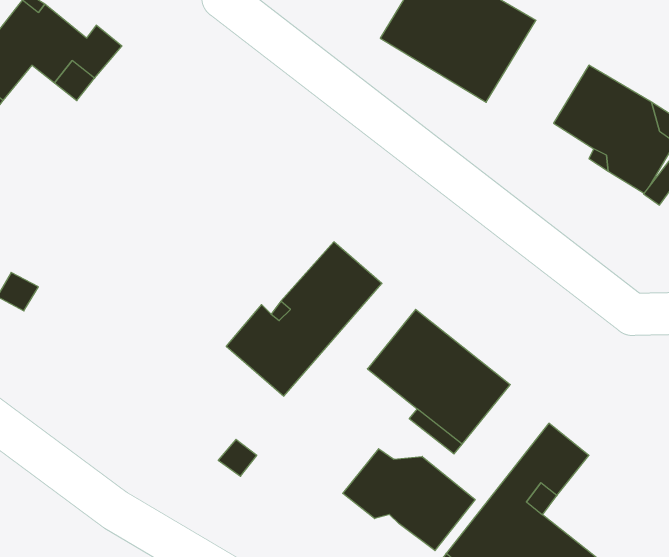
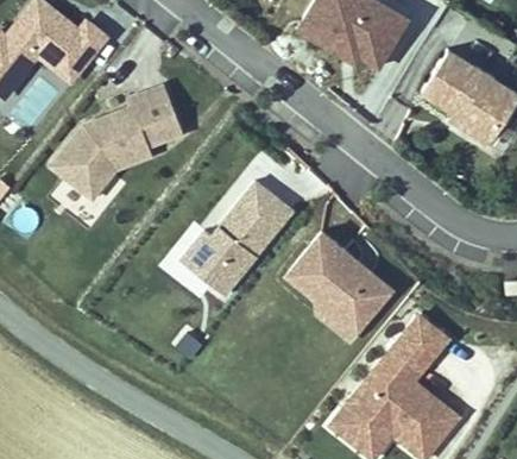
building: none -> [46,82,187,201]
building: [343,449,475,551] -> none

